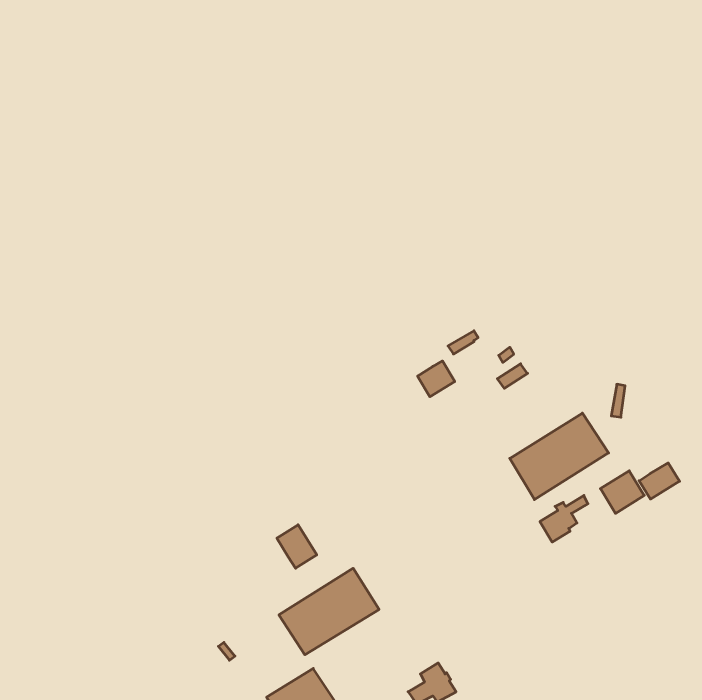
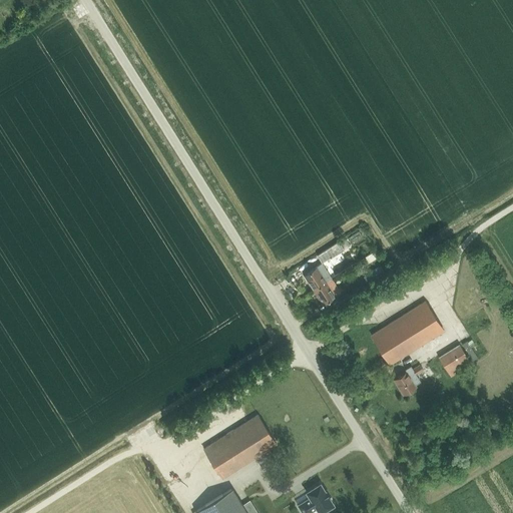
building: none -> [314,280,341,306]
building: [639,463,680,499] -> none
building: [277,525,317,568] -> none

